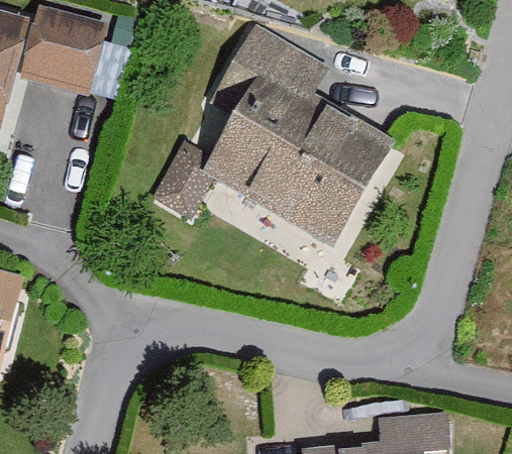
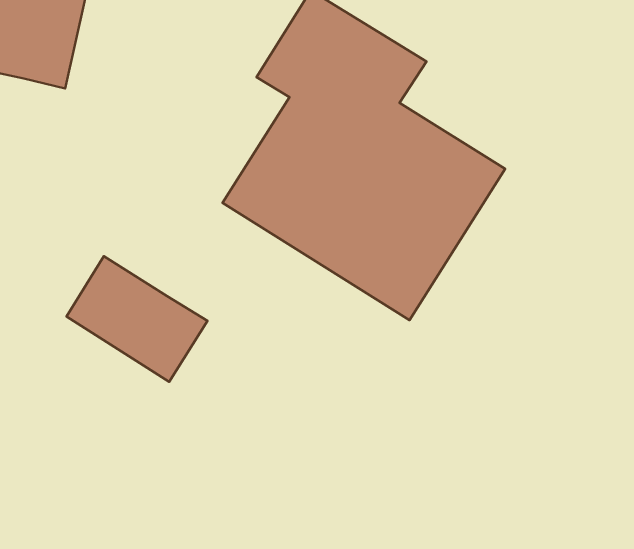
building: none -> [67,256,208,382]

